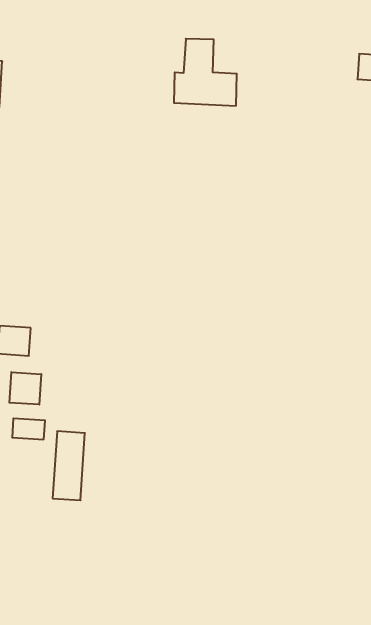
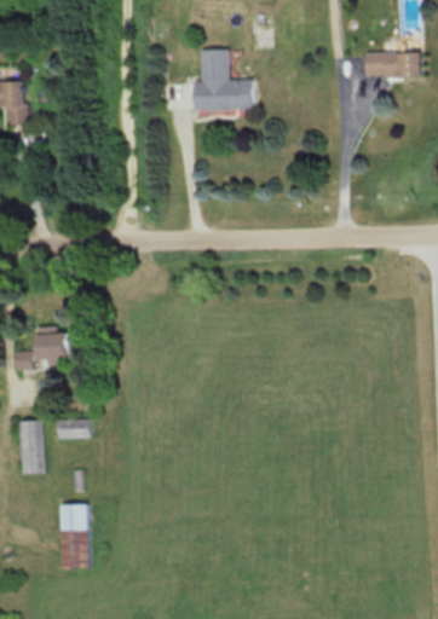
building: [9,372,41,405] -> none
building: [53,431,85,500] -> [62,504,88,568]

